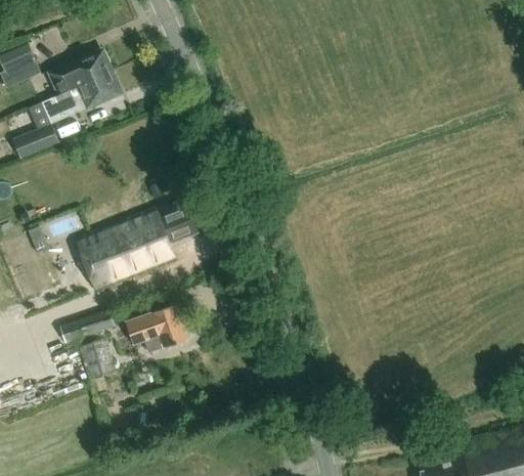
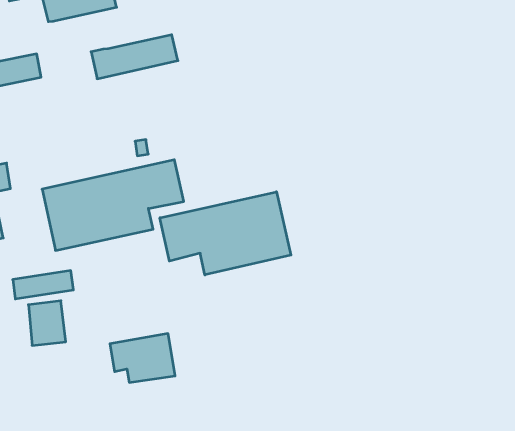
building: [45,73,122,122] -> [91,35,178,79]
building: none -> [160,192,291,275]
building: [125,305,186,353] -> [110,334,175,382]

